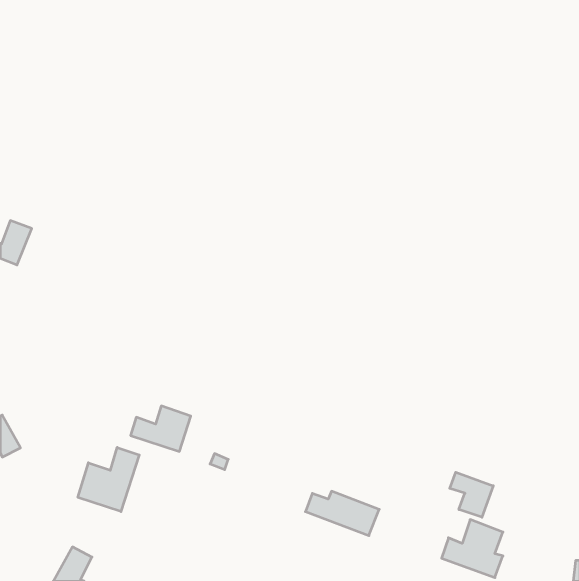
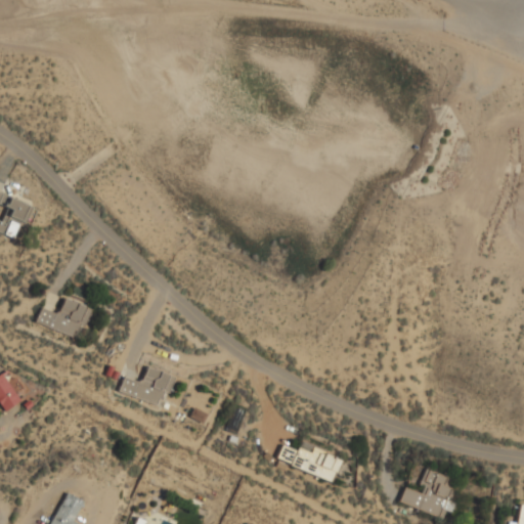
building: none -> [36,298,91,339]
building: [78,447,139,512] -> none
building: [450,472,493,517] -> none

